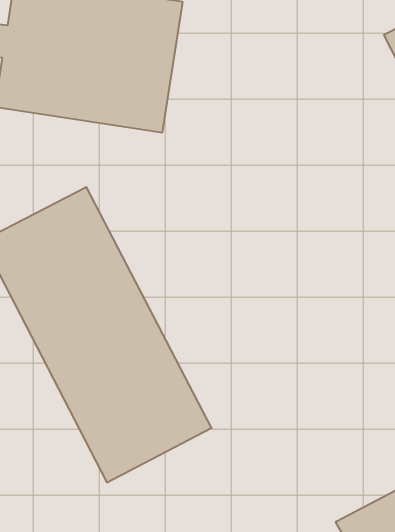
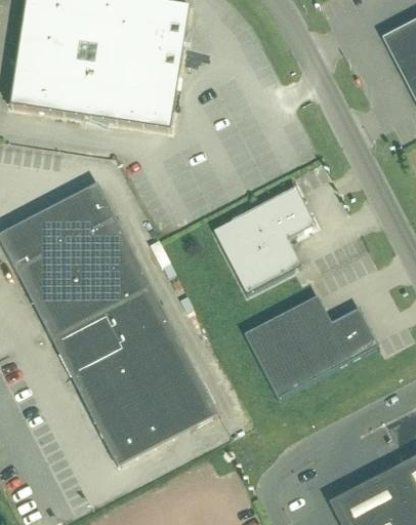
building: none -> [213,186,315,293]
building: none -> [244,293,380,397]

